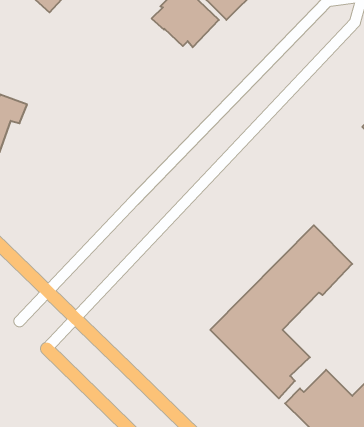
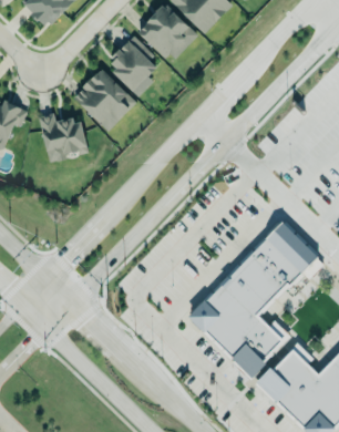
building: none -> [112,37,156,96]
building: none -> [73,69,136,132]
building: none -> [39,114,89,163]

